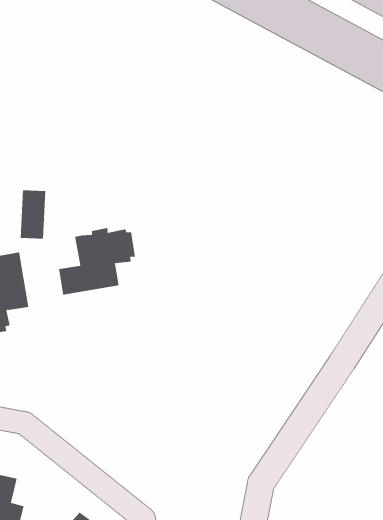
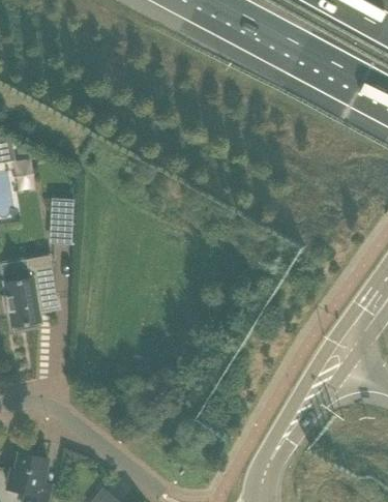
building: [58,227,136,295] -> none

